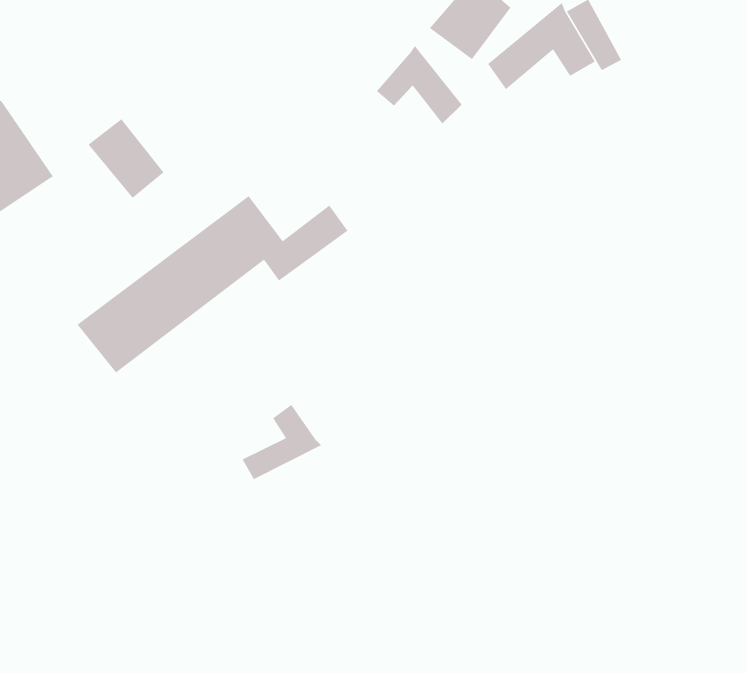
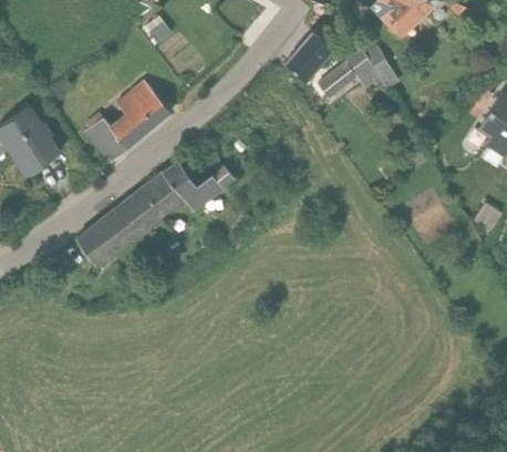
building: [376,45,463,124] -> none
building: none -> [107,80,169,148]
building: [241,404,322,480] -> none

